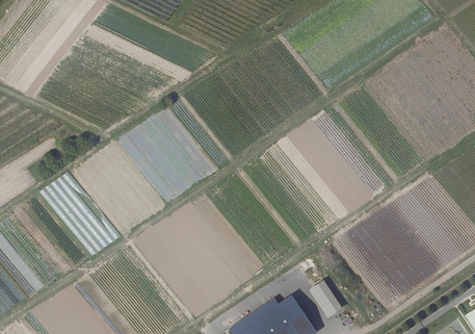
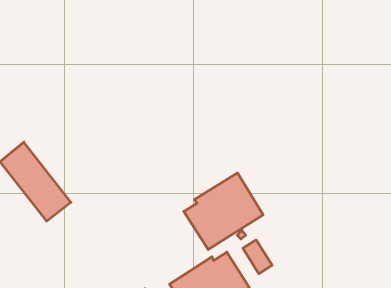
building: none -> [184,173,263,250]

